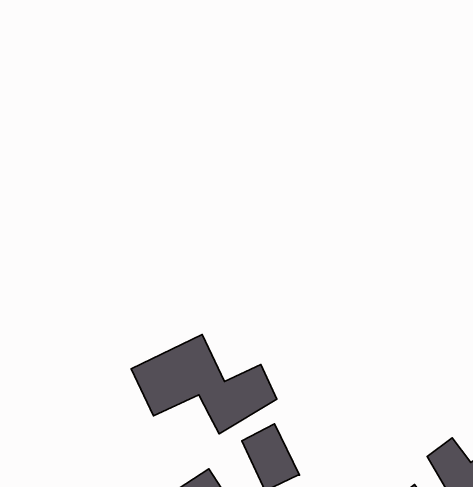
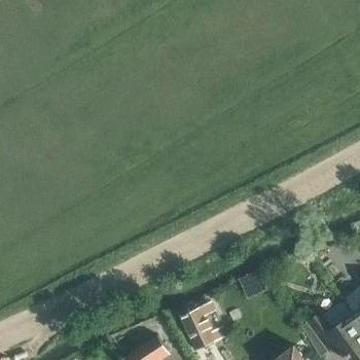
building: [131,335,277,434] -> none

